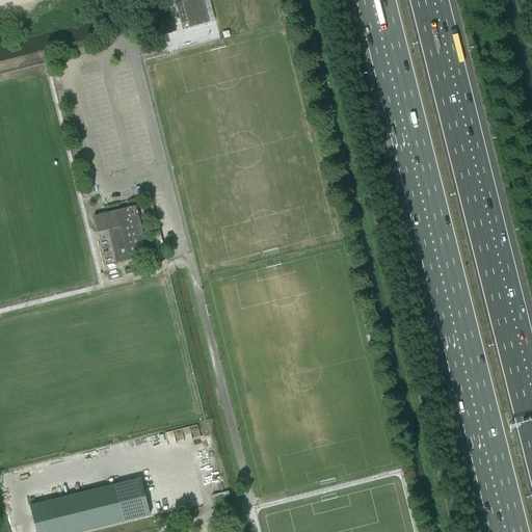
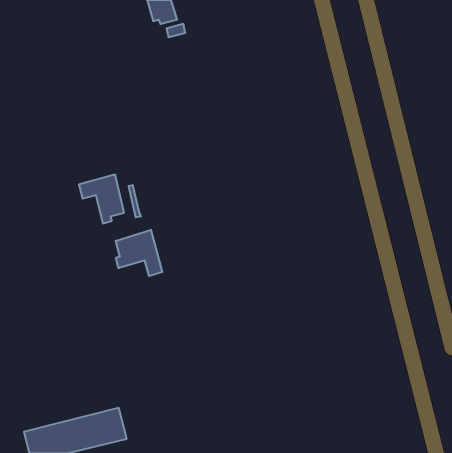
building: none -> [116,230,162,276]

